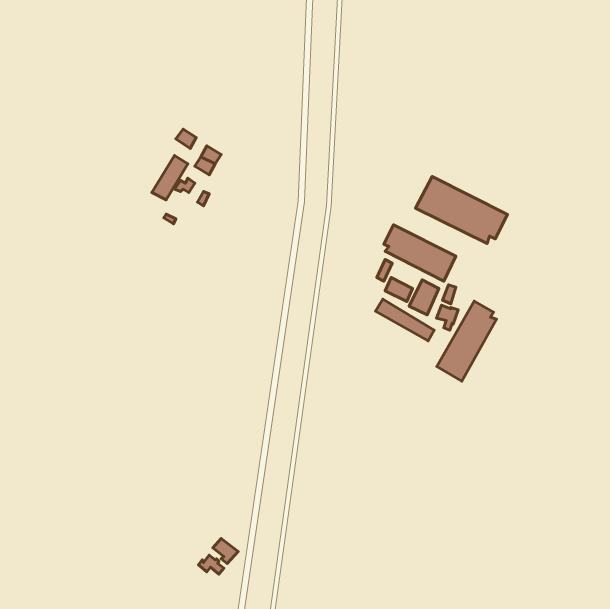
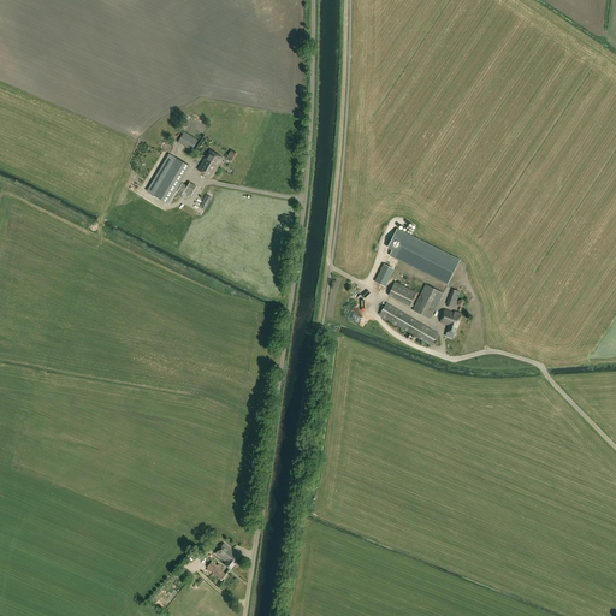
building: [416,177,508,243] -> none
building: [437,301,497,381] -> none

